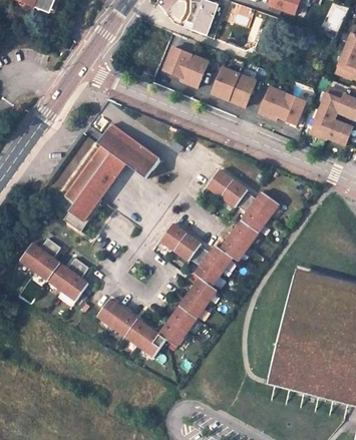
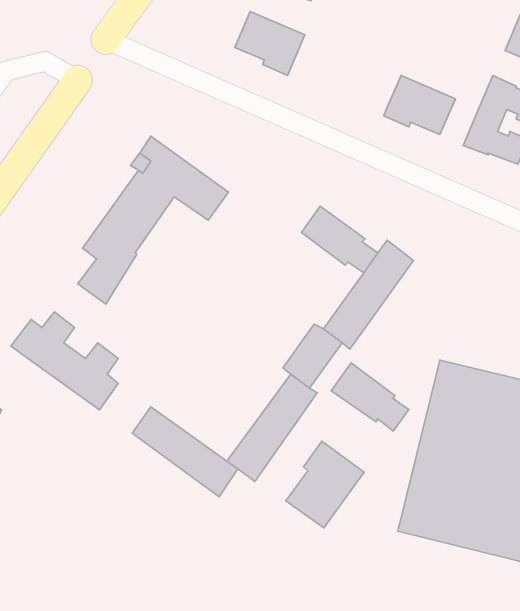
building: [212,66,255,106] -> none
building: [158,224,209,268] -> [331,363,409,431]
building: none -> [286,441,364,528]

